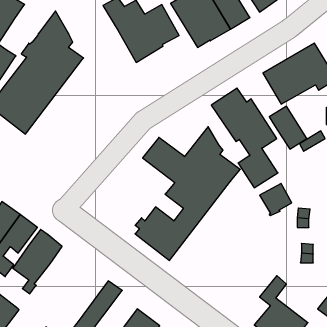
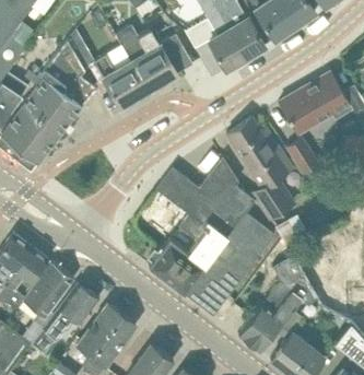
building: none -> [87,54,150,108]
building: none -> [184,213,275,316]
building: none -> [238,258,309,352]
building: none -> [31,282,99,354]
building: none -> [77,304,121,356]

